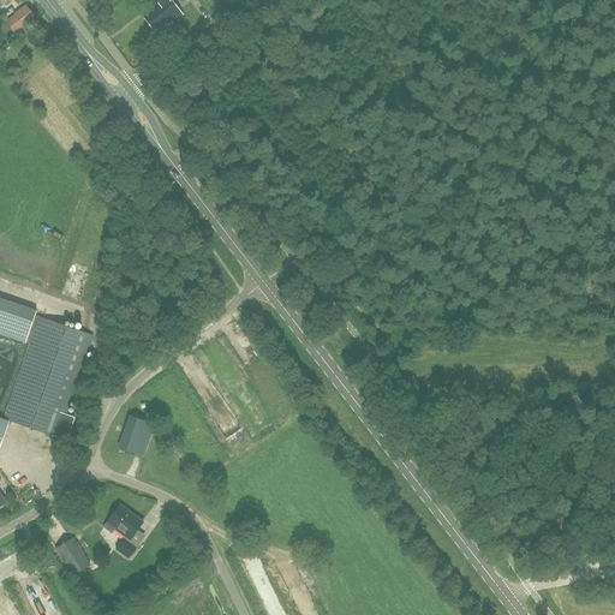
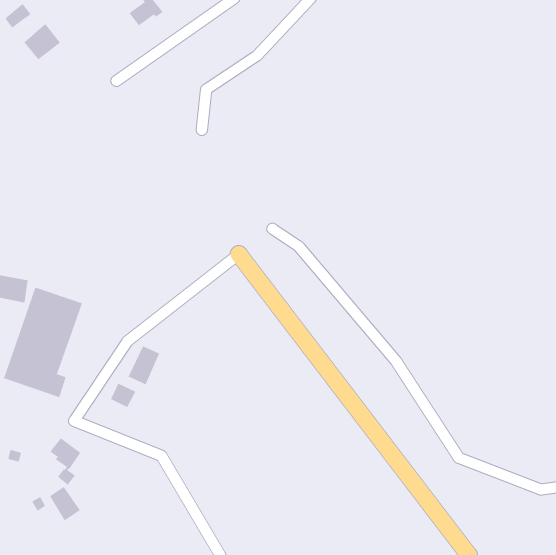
building: none -> [24,23,61,60]
building: none -> [128,346,160,385]
building: [107,503,142,556] -> [50,437,81,485]

